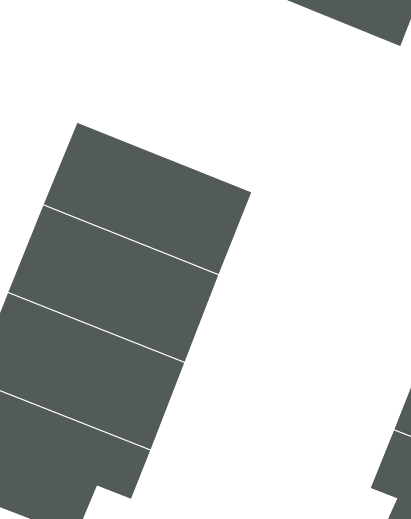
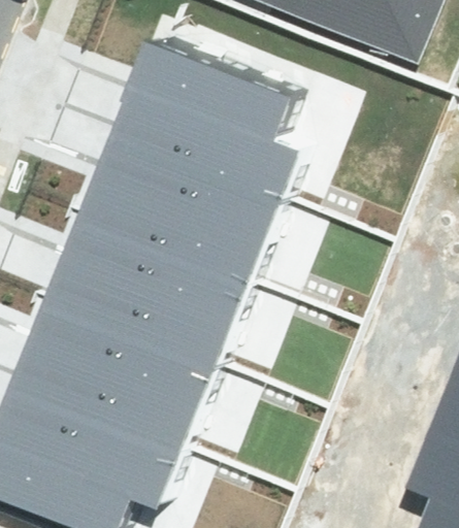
building: none -> [111,43,303,196]

